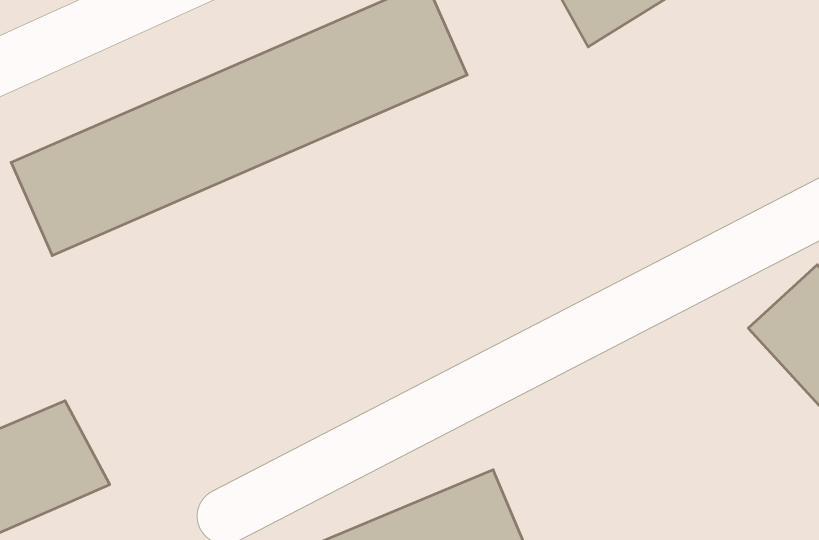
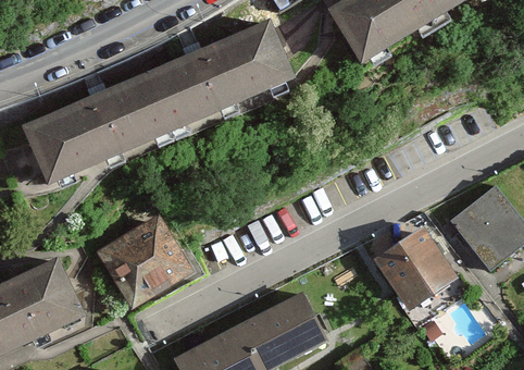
building: none -> [99,221,197,319]
building: none -> [372,222,457,307]

